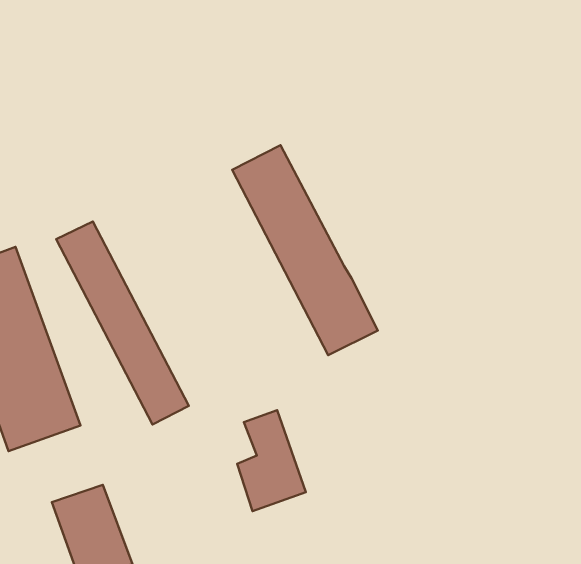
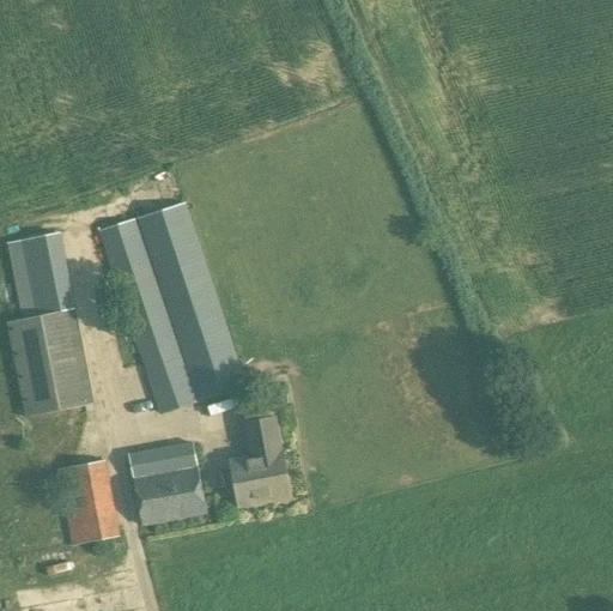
building: [232,145,378,355] -> [136,201,247,400]
building: none -> [127,440,206,525]

